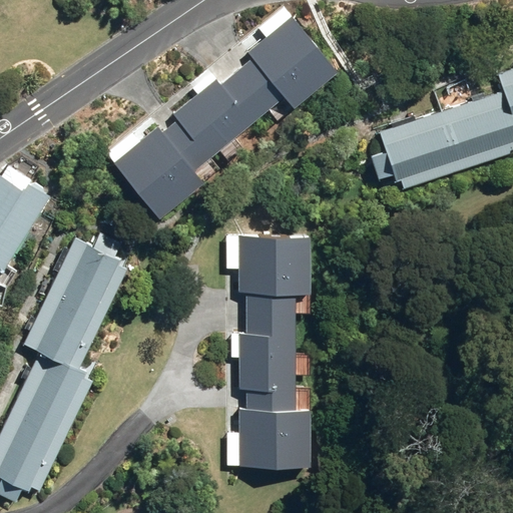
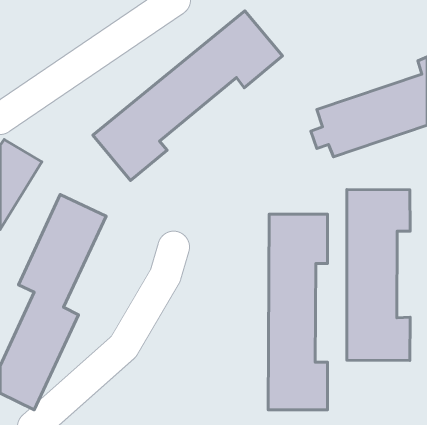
building: none -> [347,190,410,361]
building: [239,232,311,467] -> [268,214,328,410]

